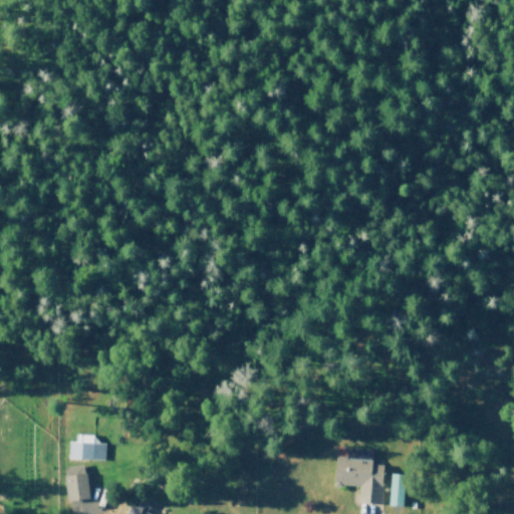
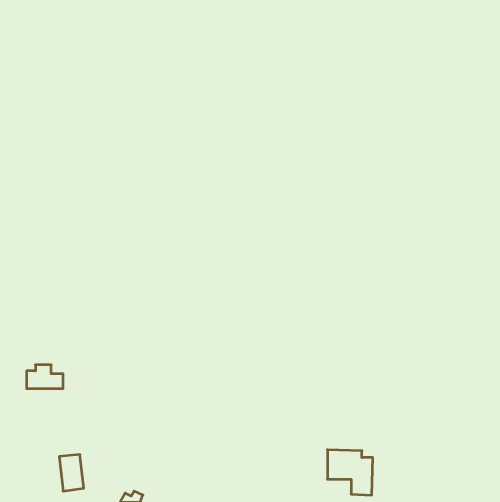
building: [69,435,106,459] -> [27,365,63,389]
building: [390,474,406,507] -> none

